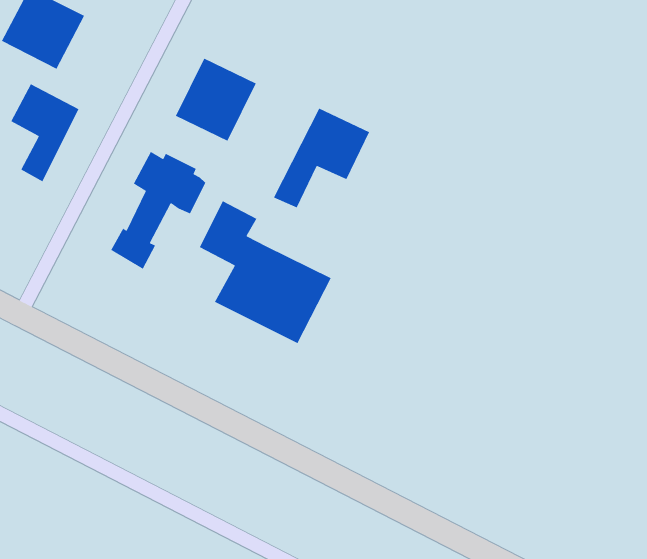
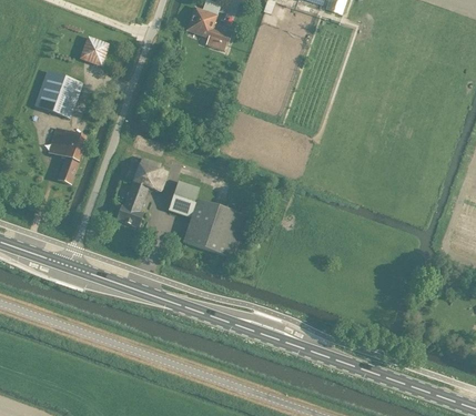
building: [175,58,257,142] -> none
building: [273,107,370,208] -> none

